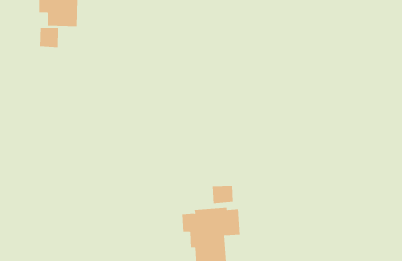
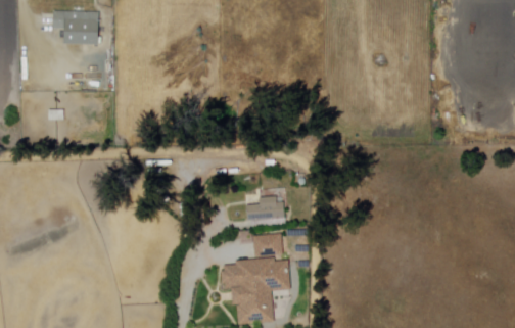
building: [40,27,58,48] -> none
building: none -> [245,196,284,221]

